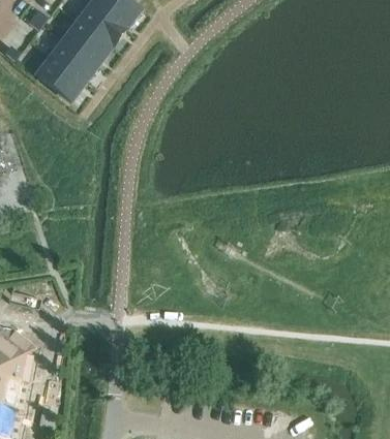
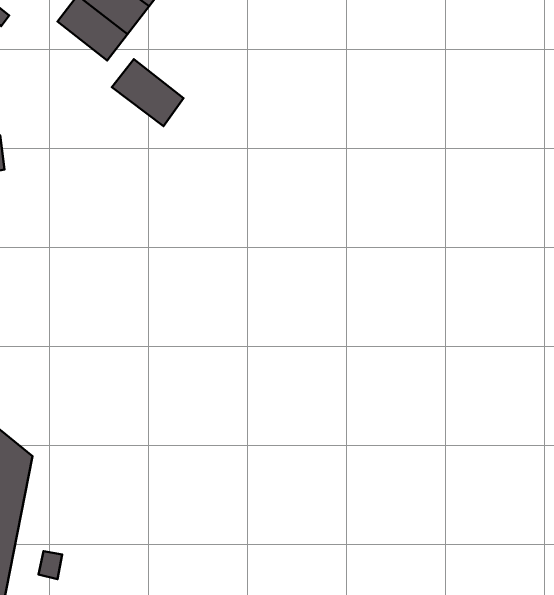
building: [35,58,83,102] -> [112,59,184,126]

